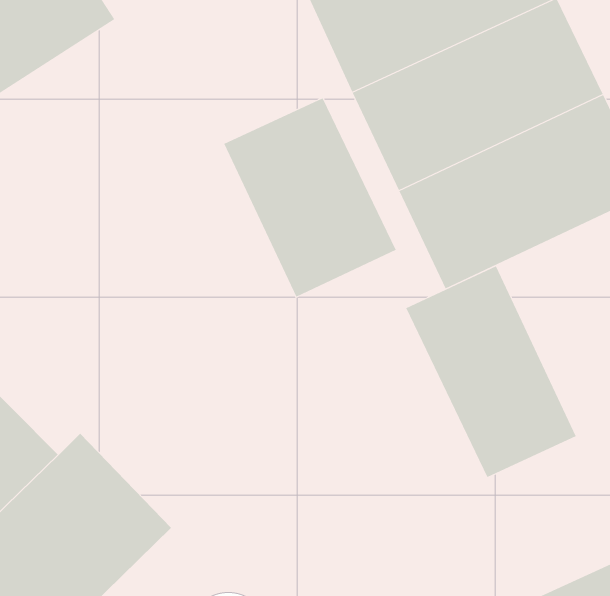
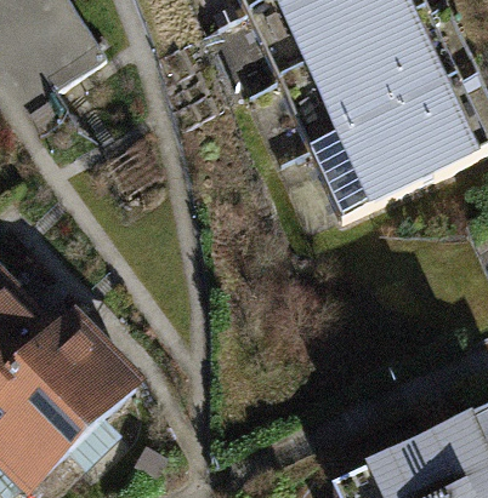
building: [223,98,397,297] -> none
building: [406,265,577,478] -> none

